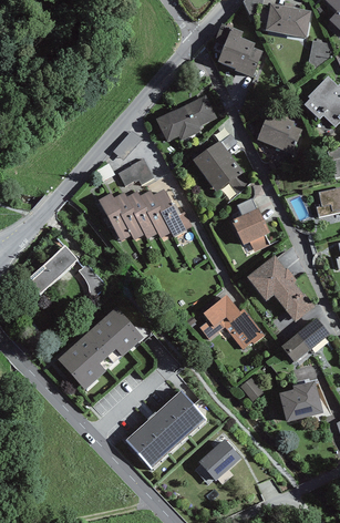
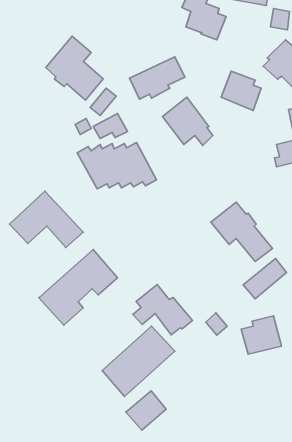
building: none -> [46,36,103,100]
building: [231,198,270,250] -> none
building: [199,295,265,350] -> [133,284,192,335]
building: [197,439,241,482] -> [126,391,166,430]

